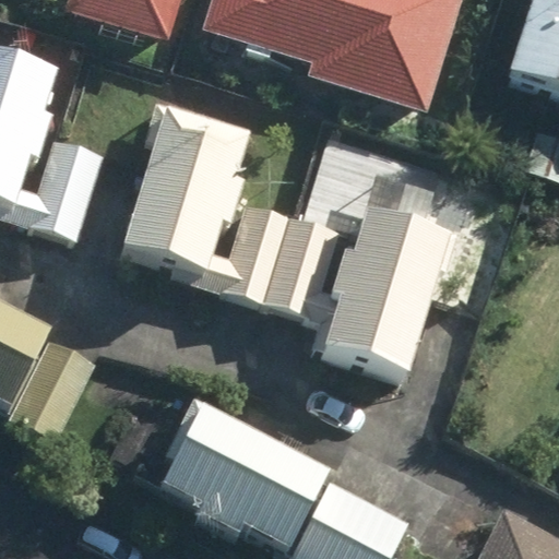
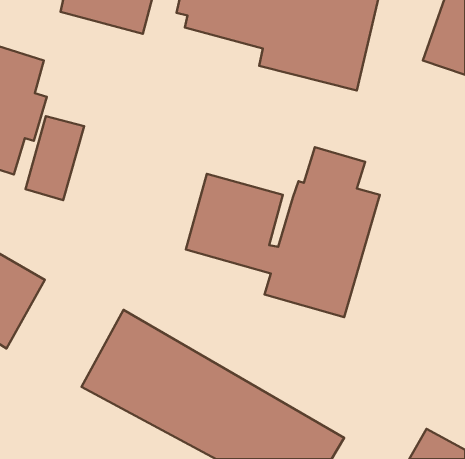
building: [120,133,250,283] -> none

